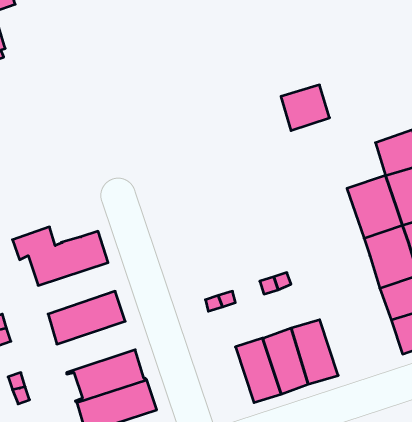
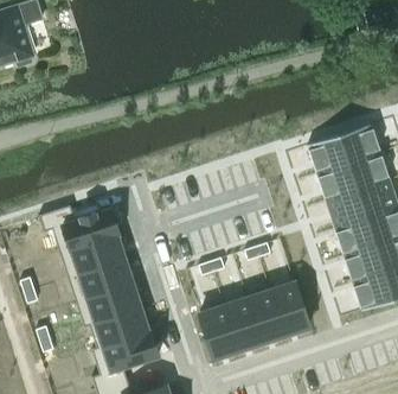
building: [281,85,330,131] -> [309,135,349,173]
building: none -> [62,235,126,278]
building: none -> [77,284,142,326]
building: none -> [201,305,240,360]

